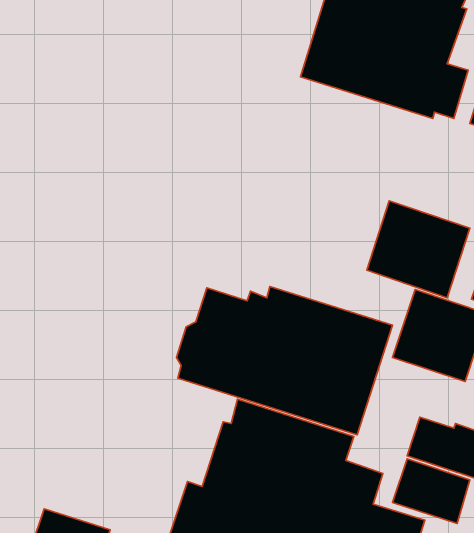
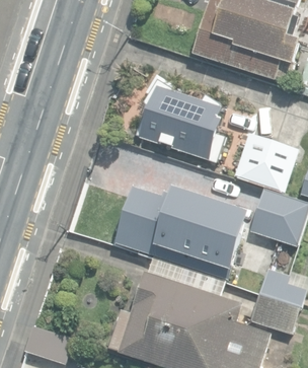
building: none -> [135,74,226,163]

